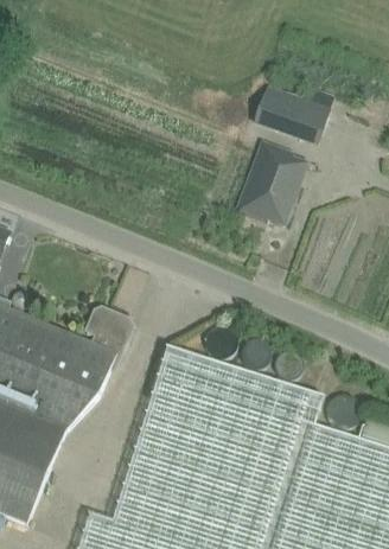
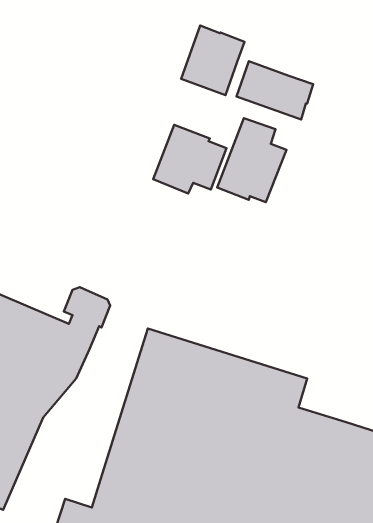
building: none -> [181,26,245,95]
building: none -> [153,125,226,194]

